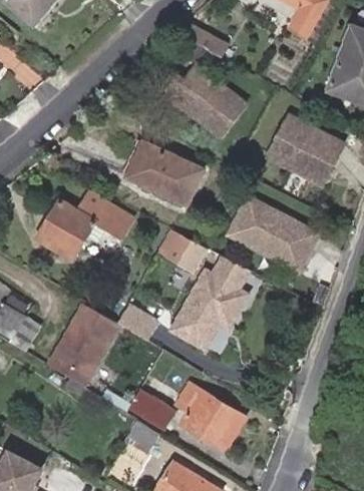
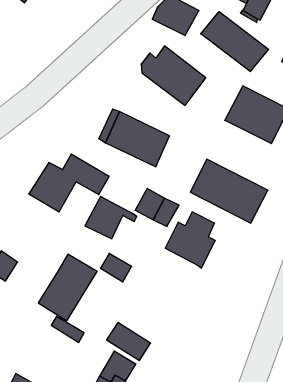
building: none -> [201,12,269,72]
building: [177,301,238,350] -> [85,196,137,239]
building: [177,383,246,449] -> none

